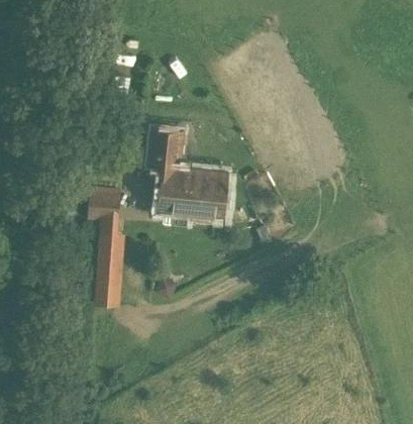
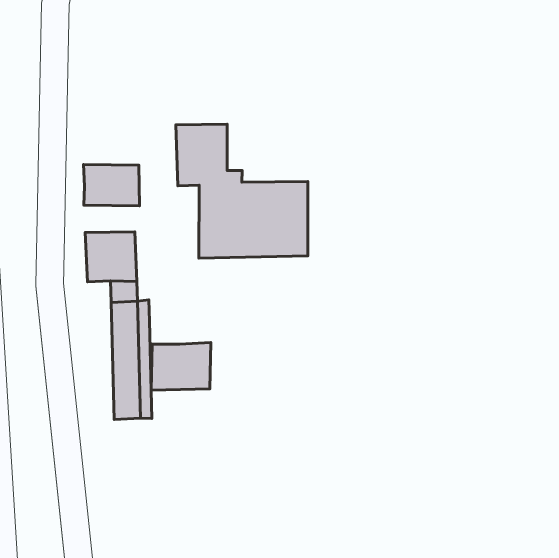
building: none -> [84,165,139,206]
building: none -> [151,343,211,390]

